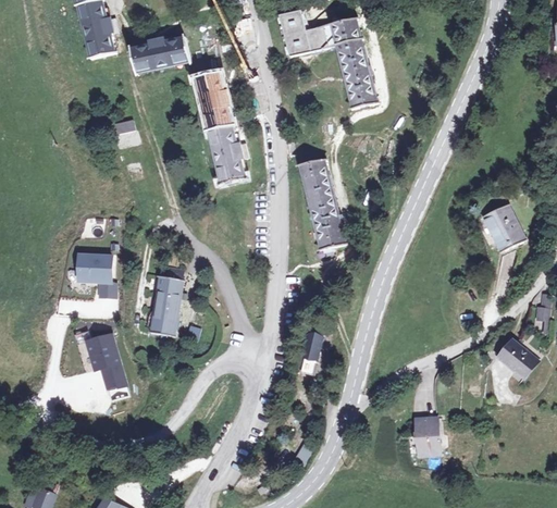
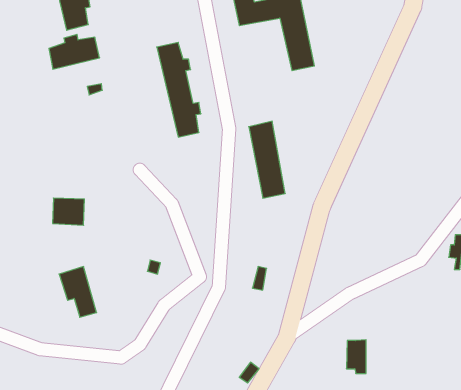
building: [131,33,189,73] -> [49,34,100,69]
building: [484,205,520,251] -> none
building: [148,264,185,334] -> none
building: [500,343,531,375] -> none

